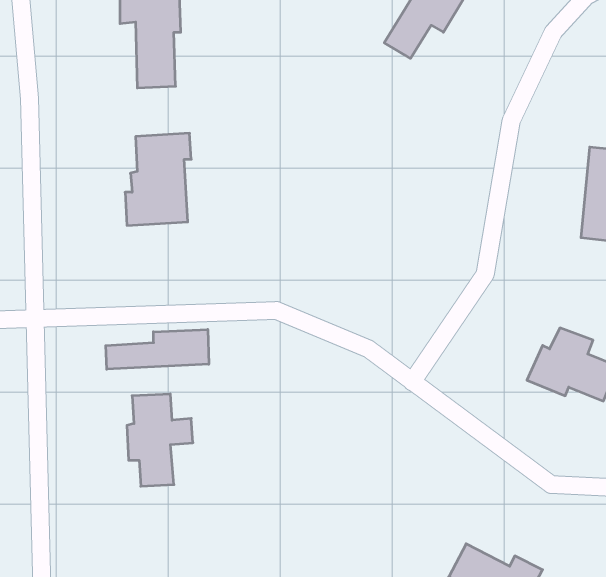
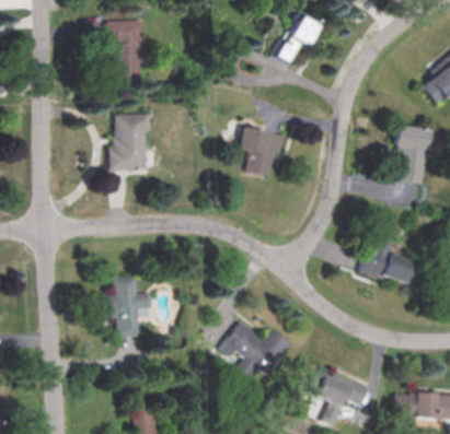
building: none -> [241,122,288,178]
building: [106,329,209,369] -> none
building: none -> [221,320,291,376]

